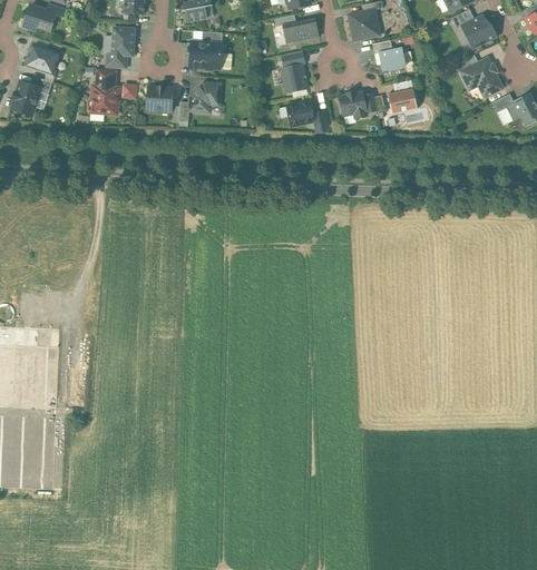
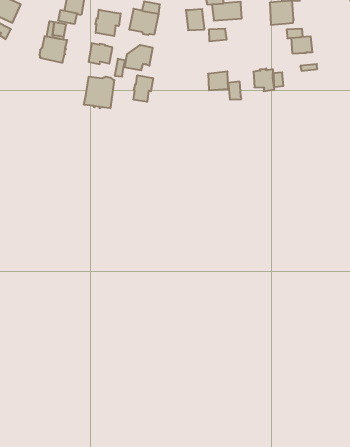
building: none -> [95,10,121,36]
building: [282,65,306,91] -> [186,9,205,30]
building: [388,88,417,114] -> none
building: none -> [134,75,153,102]
building: none -> [84,77,114,108]

